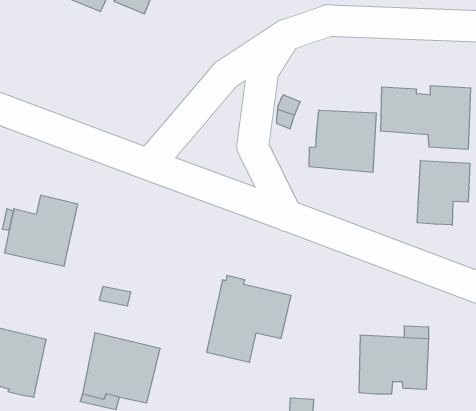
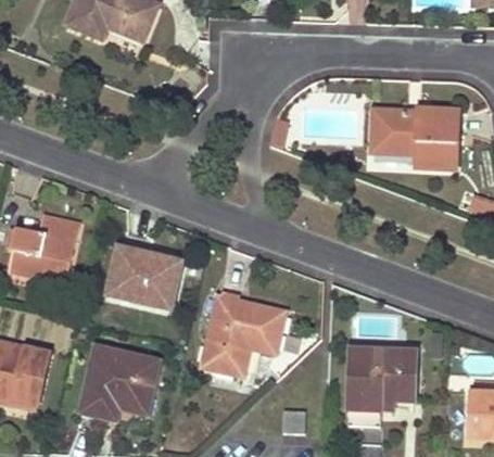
building: [309,110,376,172] -> none
building: [417,160,470,225] -> none
building: none -> [107,247,182,309]

